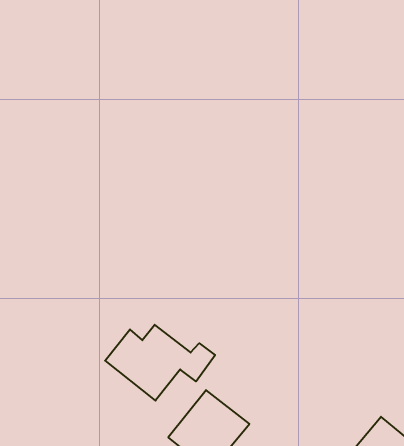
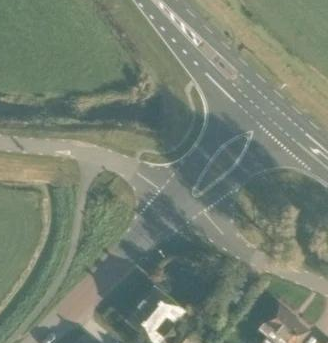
building: [105,325,215,401] -> none

